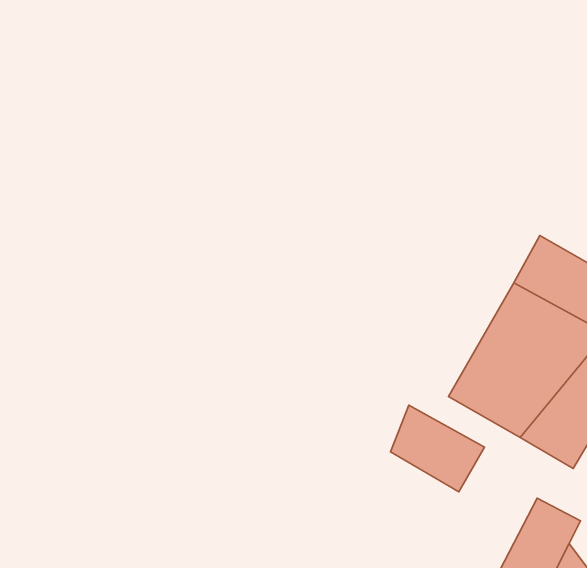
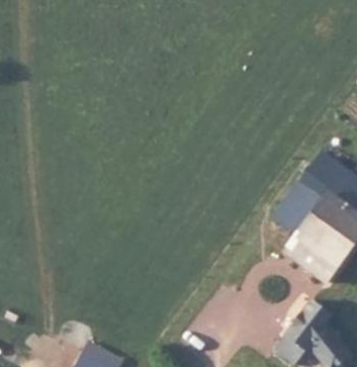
building: [391,405,485,492] -> none

